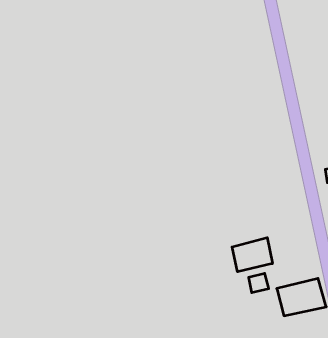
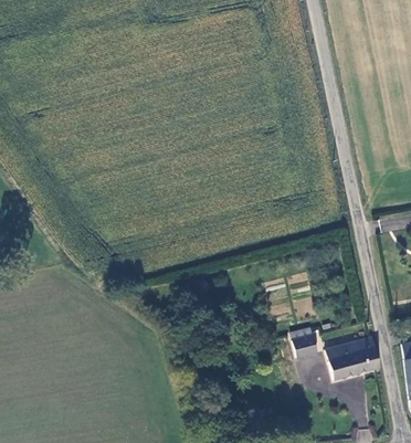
building: [232,238,272,272] -> none

